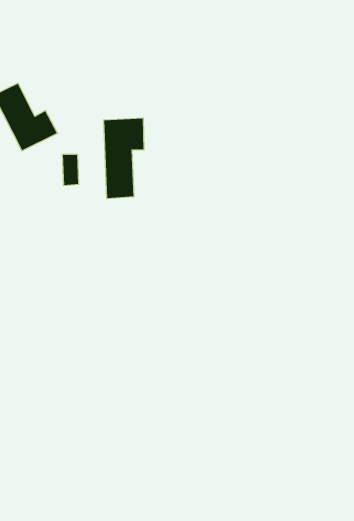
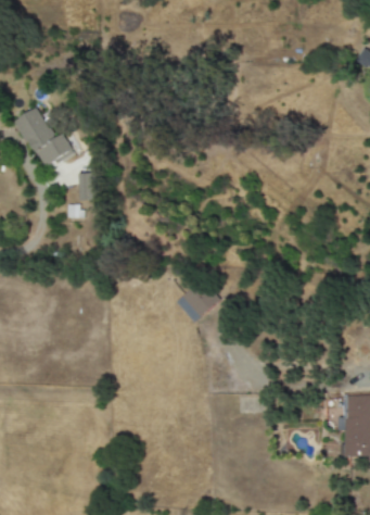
building: [104,118,144,199] -> none

